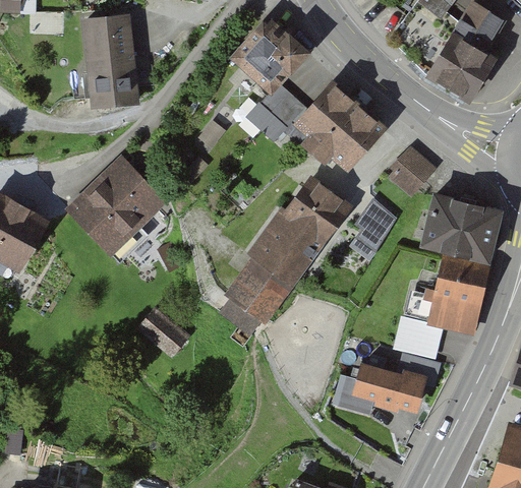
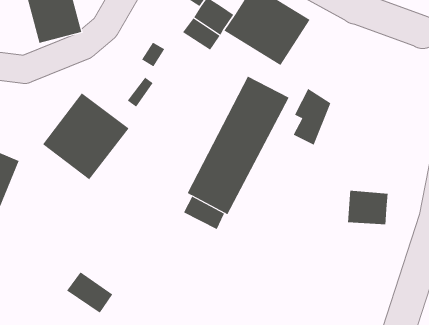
building: [388,145,439,199] -> none
building: [424,193,499,259] -> none
building: [404,254,484,330] -> none
building: [139,308,189,357] -> [66,271,113,314]
building: [335,360,426,416] -> none

